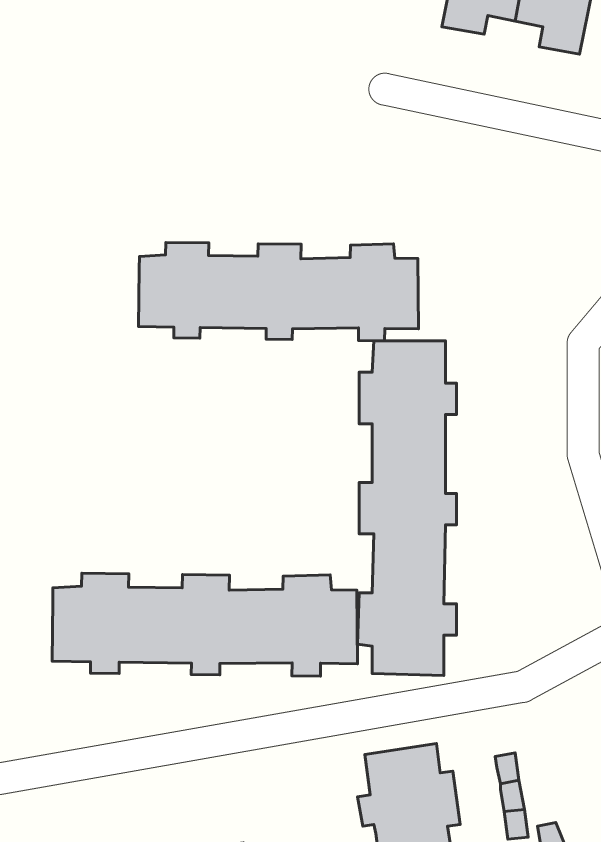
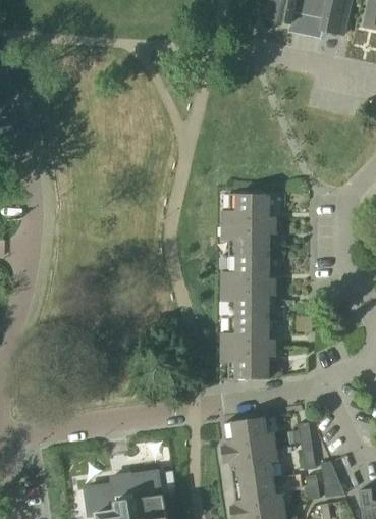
building: [139,242,419,341] -> none
building: [52,573,358,676] -> none

